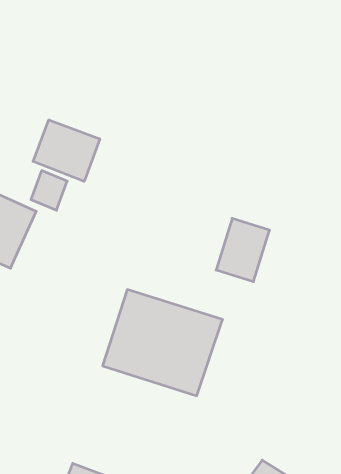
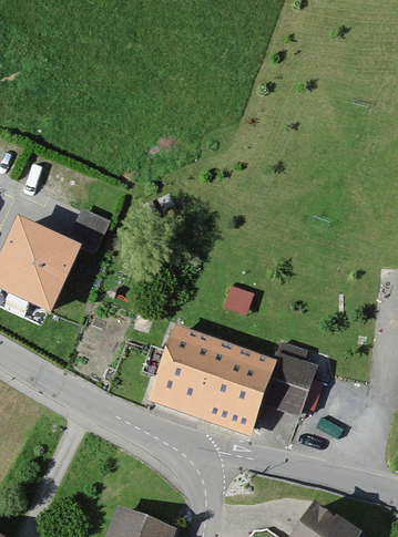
building: [33,120,100,181] -> none
building: [216,218,270,282] -> [262,350,317,415]

